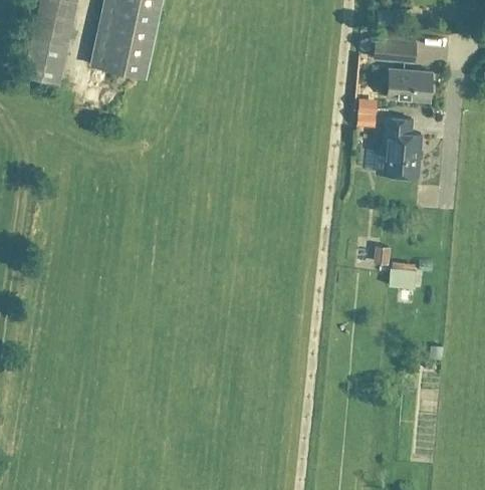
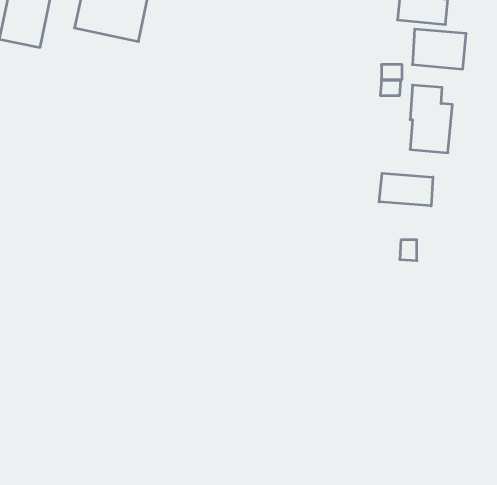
building: none -> [379,173,433,206]
building: [390,262,418,287] -> none

